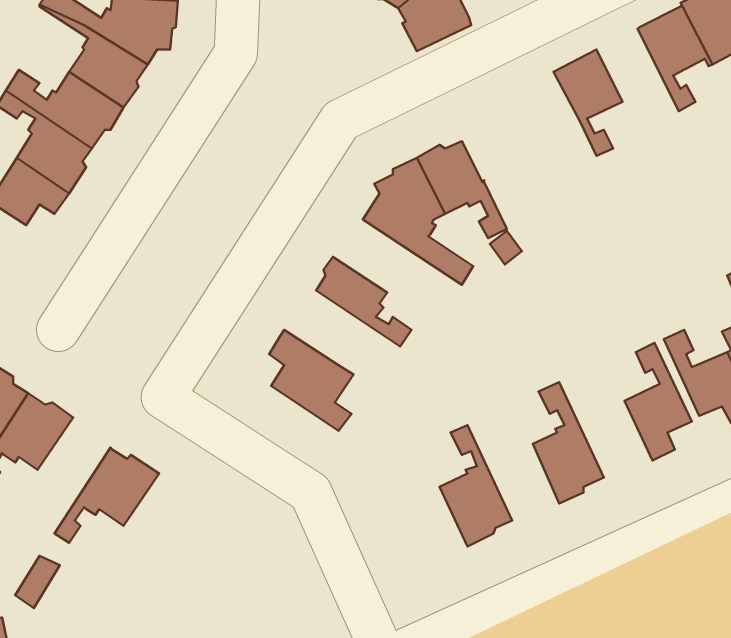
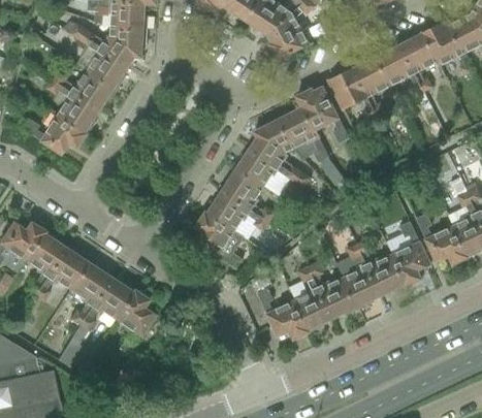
building: none -> [378,45,423,95]
building: none -> [329,67,378,121]
building: none -> [298,83,349,142]
building: none -> [232,151,279,191]
building: none -> [205,190,269,231]
building: none -> [357,235,409,293]
building: none -> [307,259,357,317]
building: none -> [69,260,109,324]
building: none -> [257,286,307,337]
building: none -> [117,291,155,354]

